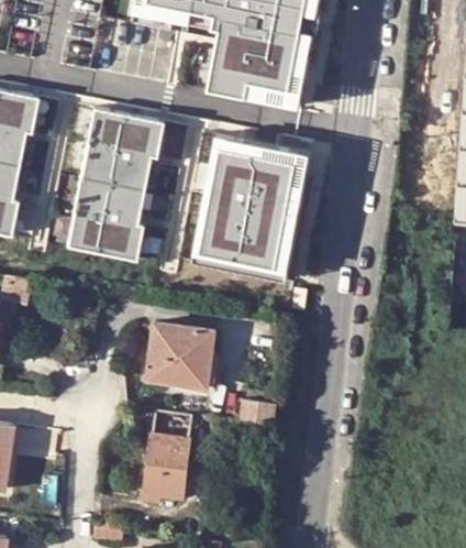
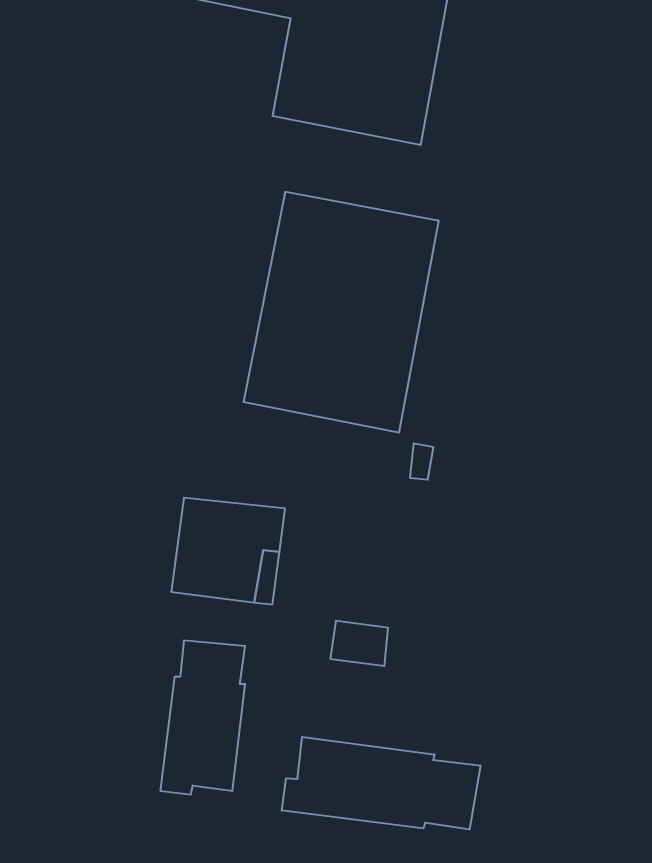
building: [67,107,158,260] -> none
building: none -> [282,737,480,830]

